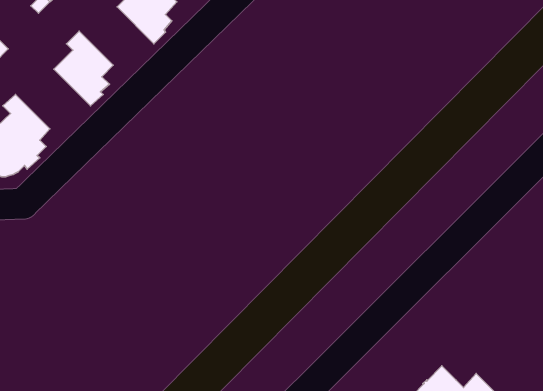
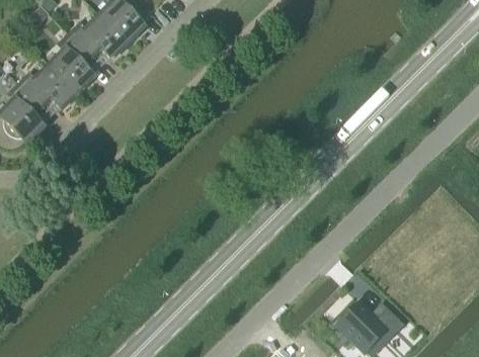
building: none -> [70,15,130,62]
building: none -> [19,65,79,112]

